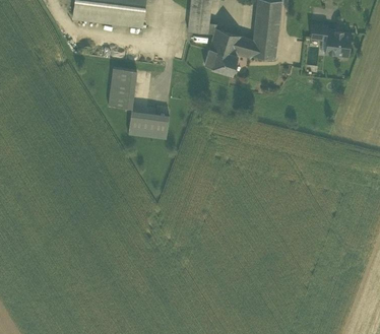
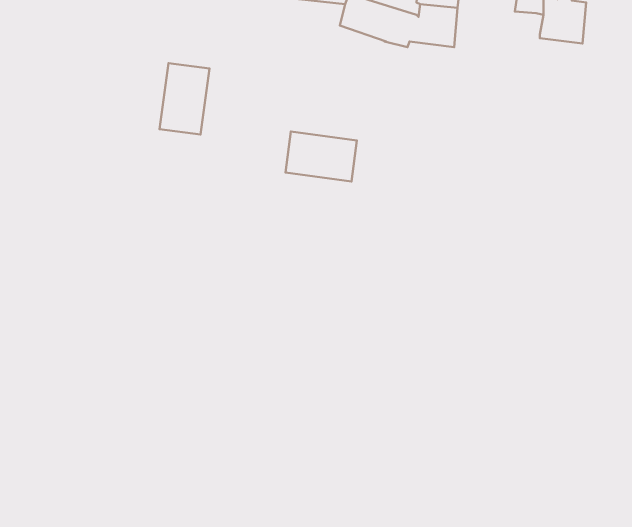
building: [204,46,237,73] -> none
building: [128,110,169,138] -> [285,131,357,181]

